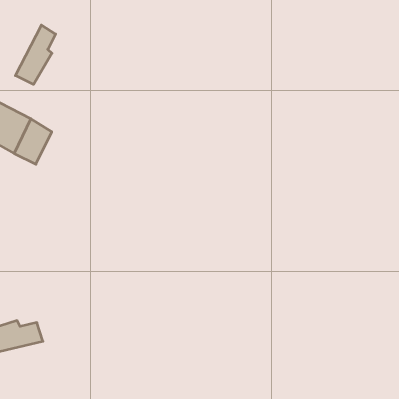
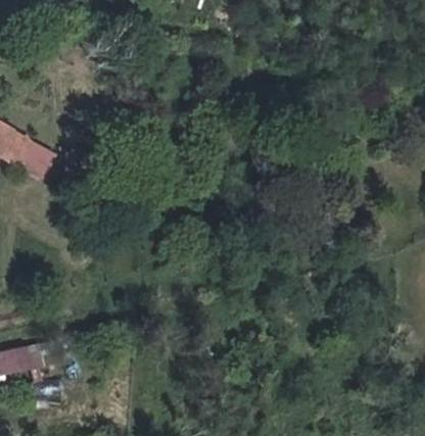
building: [15,25,56,84] -> none

